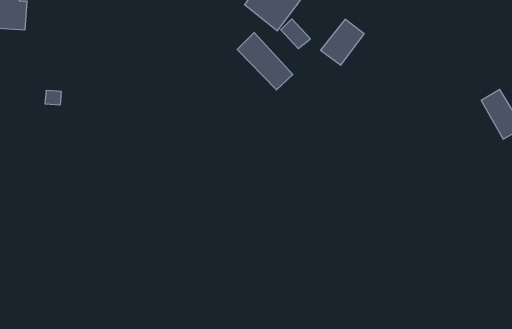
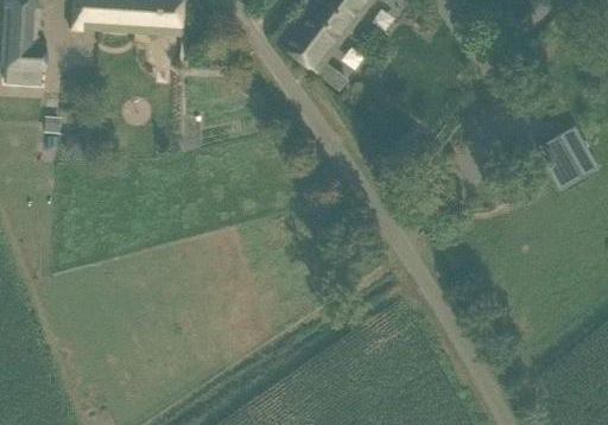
building: [321,19,364,65] -> none
building: [237,33,293,90] -> none

